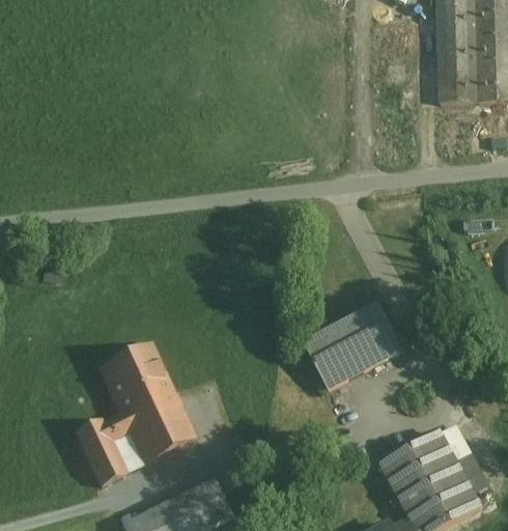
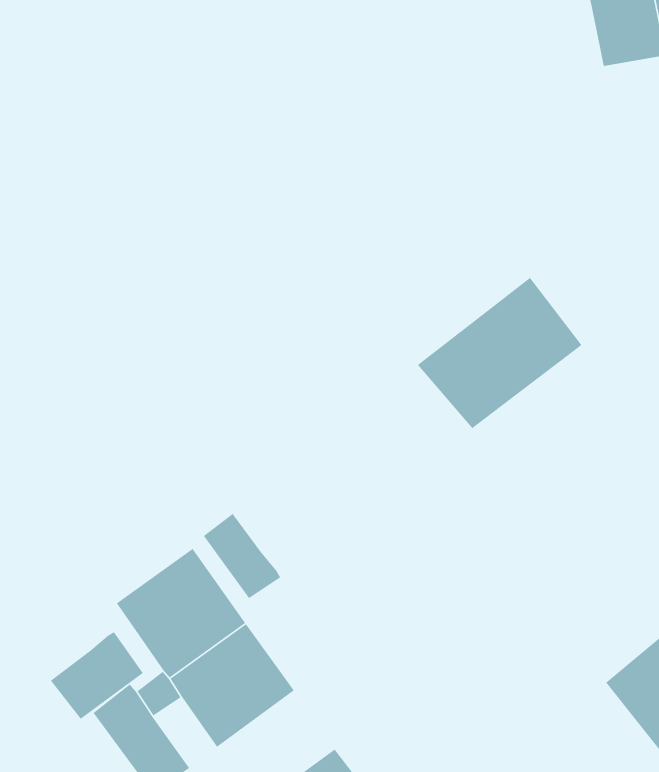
building: [303,303,402,387] -> [417,277,583,429]
building: none -> [203,513,281,599]
building: none -> [50,631,144,720]

